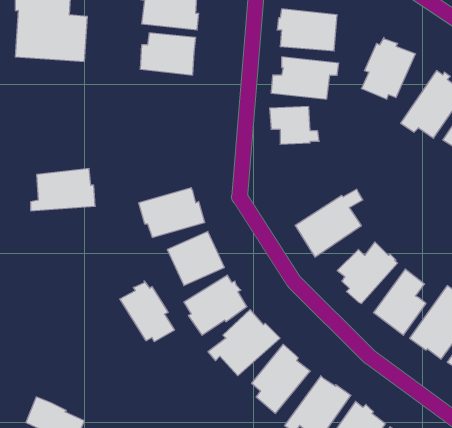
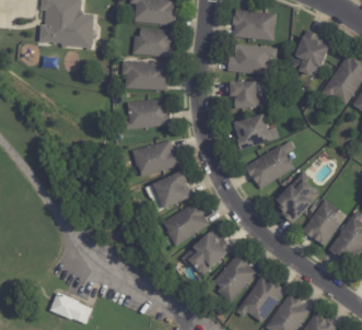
building: none -> [121,60,168,89]
building: none -> [234,113,280,150]
building: [31,169,95,211] -> [124,97,171,128]
building: [120,281,174,342] -> none

